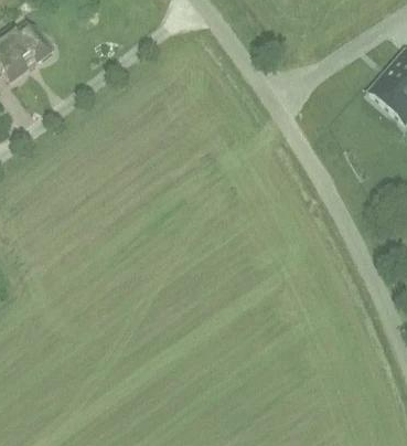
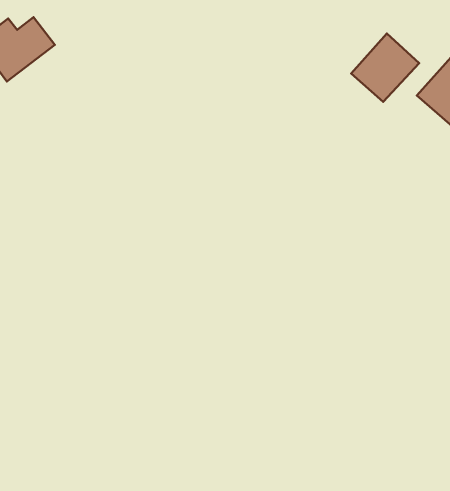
building: none -> [351,34,419,102]

